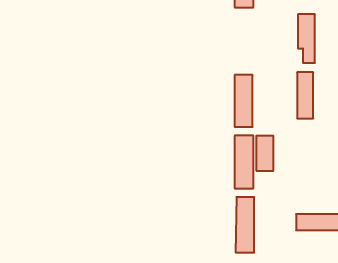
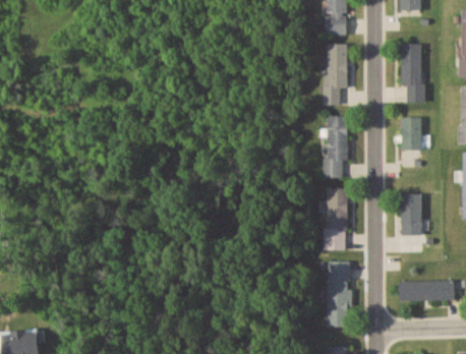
building: none -> [325,43,348,105]
building: [256,136,273,171] -> [401,193,421,235]

